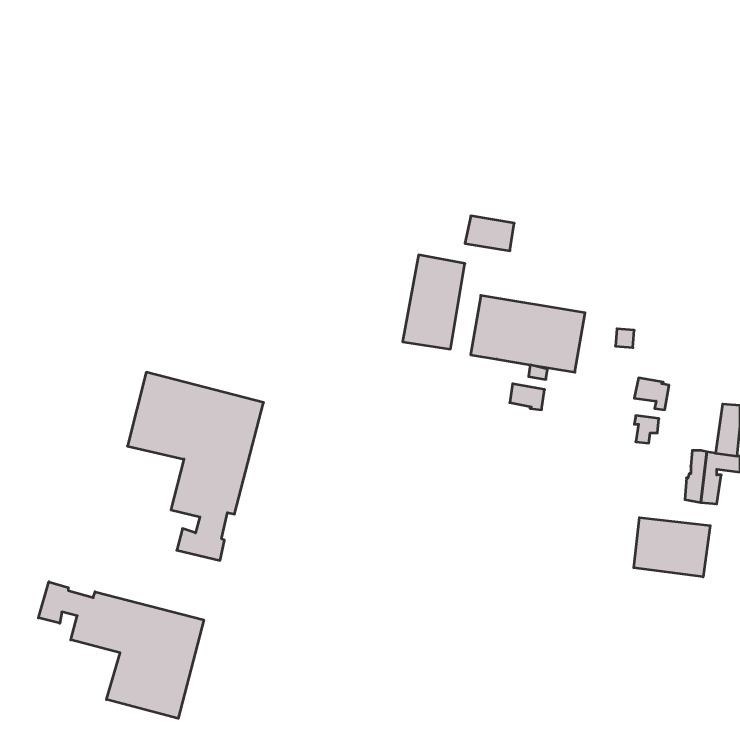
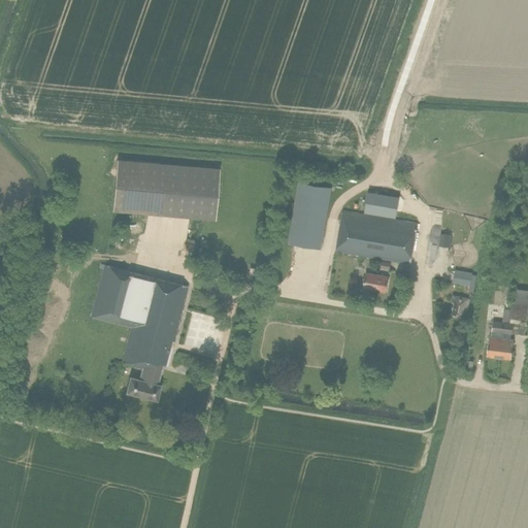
building: [465,216,514,251] -> [364,192,399,217]
building: none -> [112,159,219,220]
building: [634,518,710,577] -> none
building: [38,582,204,718] -> none

